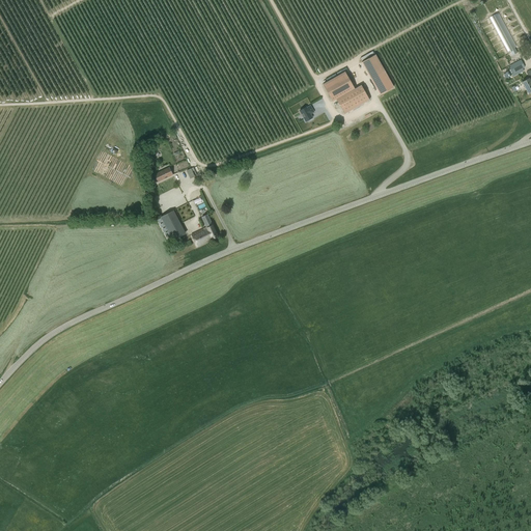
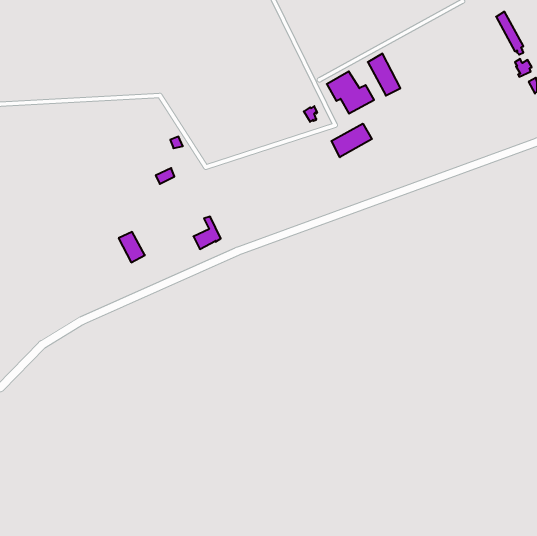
building: none -> [331,124,372,157]
building: [160,209,186,240] -> [119,232,145,262]

